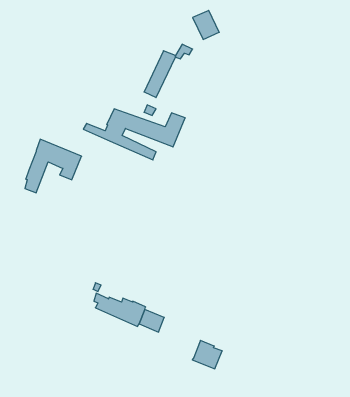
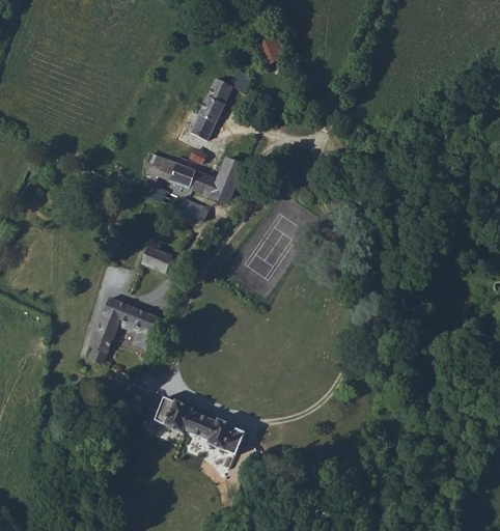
building: [25,139,82,193] -> [88,298,161,366]
building: none -> [143,246,173,273]
building: [192,340,222,369] -> [207,419,246,455]

